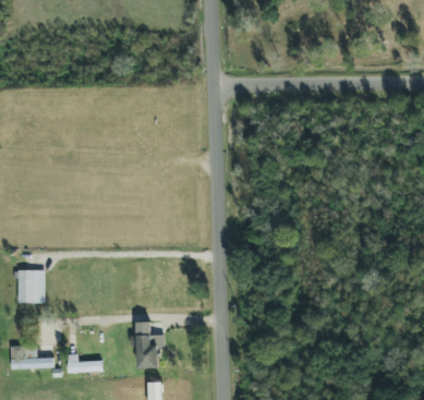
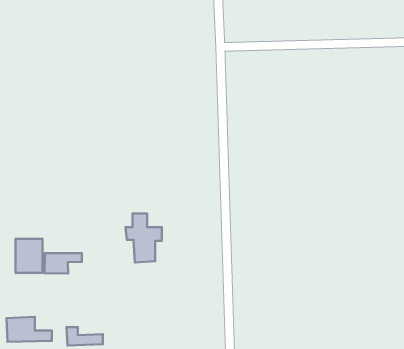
building: none -> [44,253,82,273]
building: [129,322,163,368] -> [126,214,162,262]

